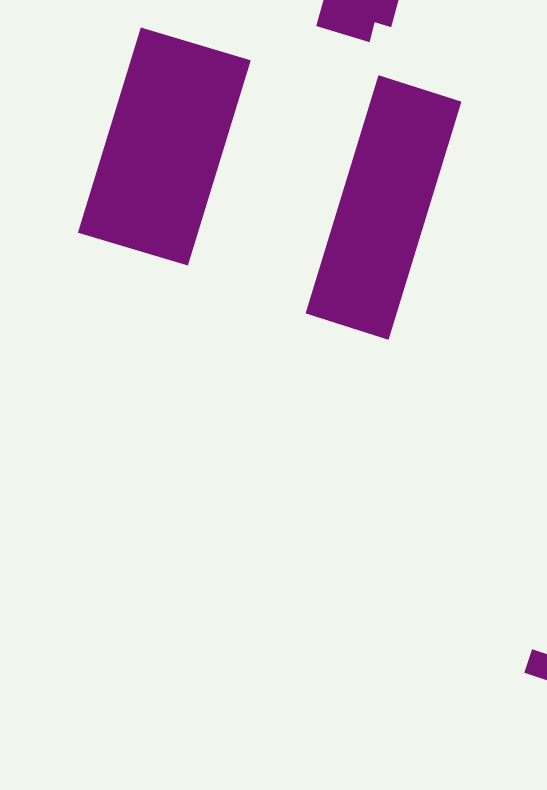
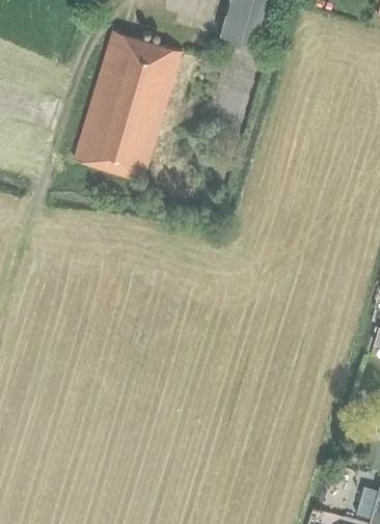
building: [304,74,463,341] -> none

